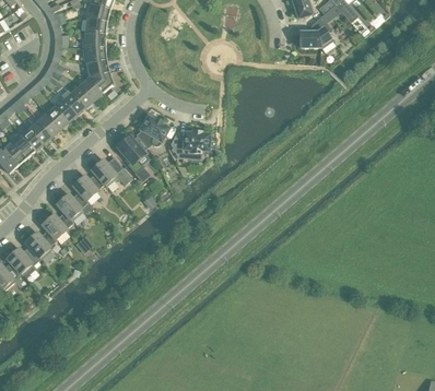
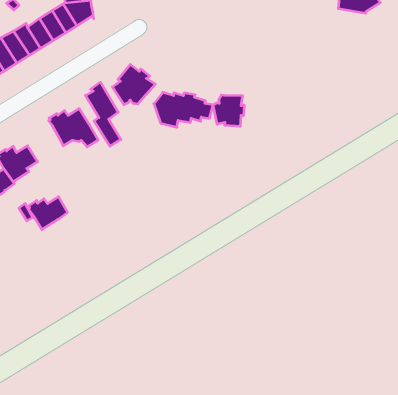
building: none -> [213,95,244,126]
building: [73,171,104,199] -> [28,197,67,230]

